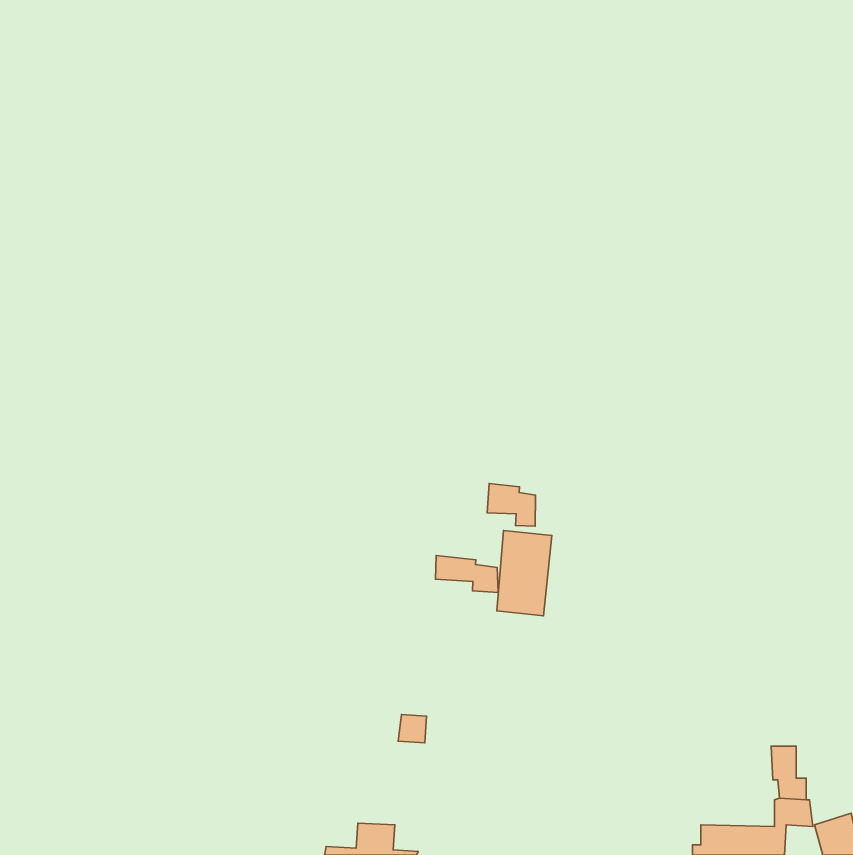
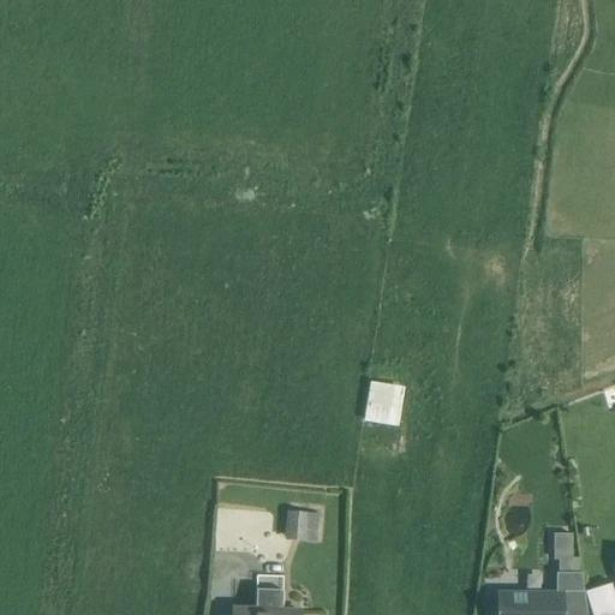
building: [487,484,536,526] -> none
building: [435,556,498,593] -> none

